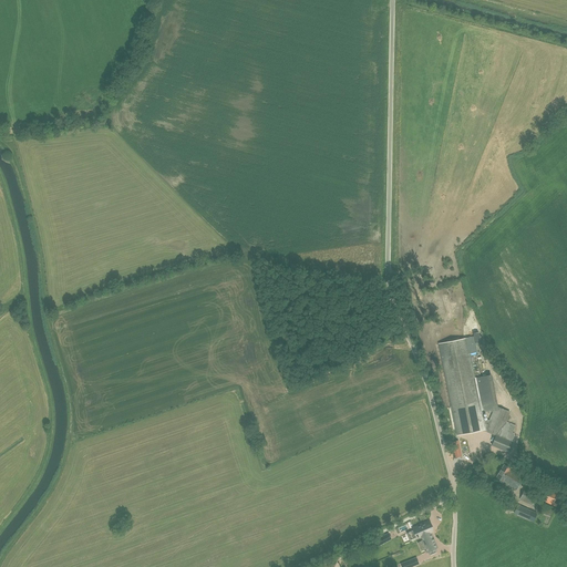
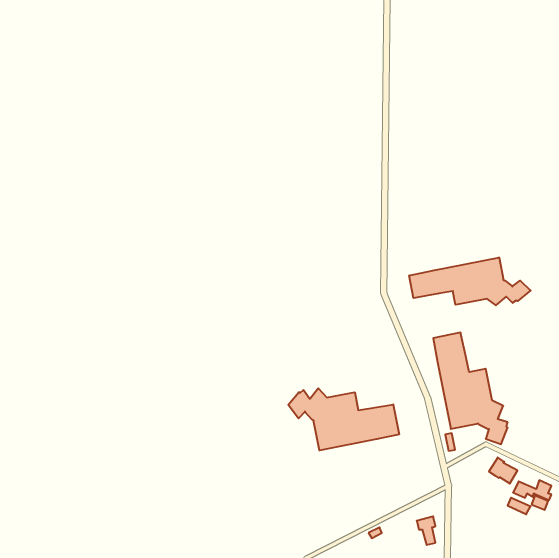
building: none -> [409,257,531,305]
building: none -> [288,388,399,450]

